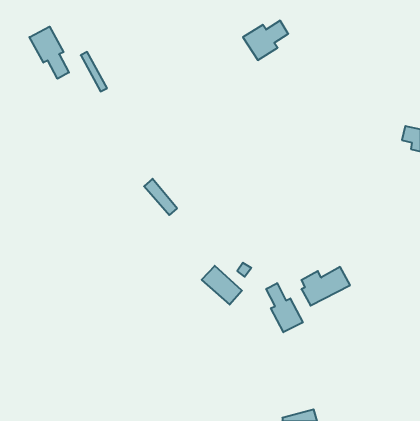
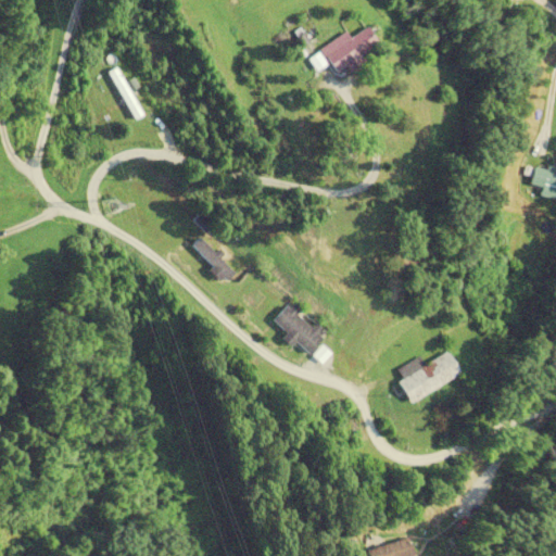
building: [29,27,69,79] -> none
building: [202,266,242,305] -> [273,303,326,354]
building: [266,283,303,332] -> none

